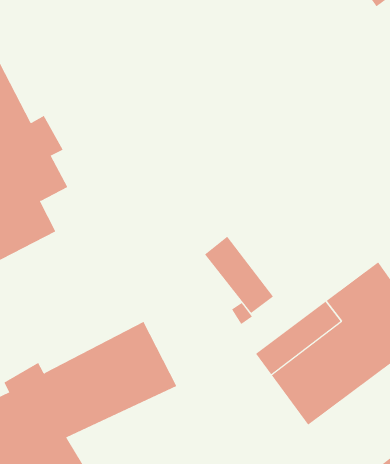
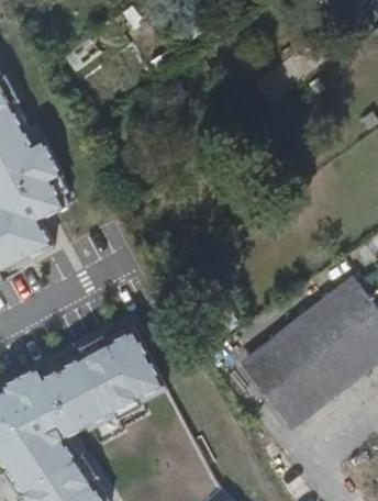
building: [204,236,274,314] -> none

